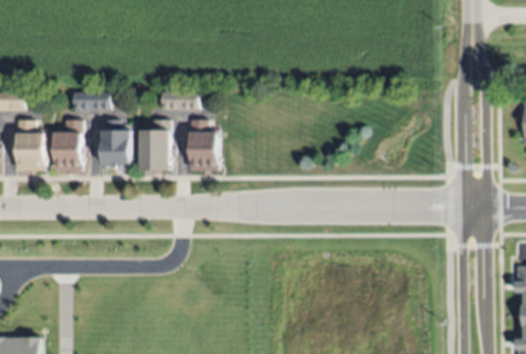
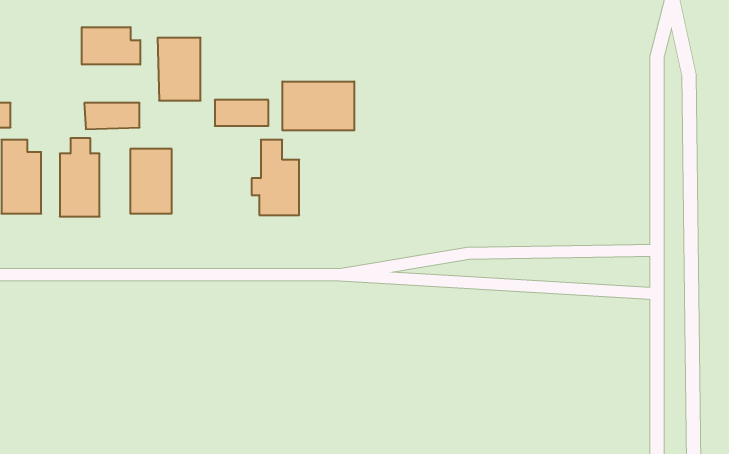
building: none -> [82,27,140,65]
building: none -> [282,81,354,130]
building: [138,127,167,169] -> [158,38,201,101]

